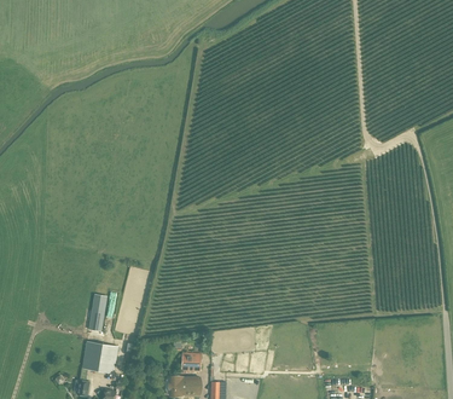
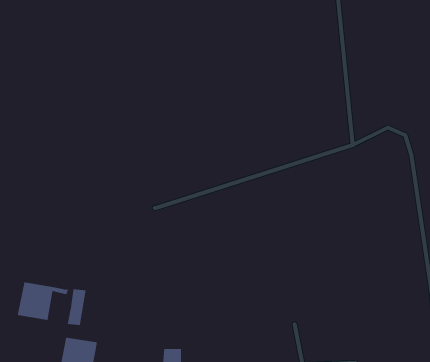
building: none -> [17,282,69,321]

